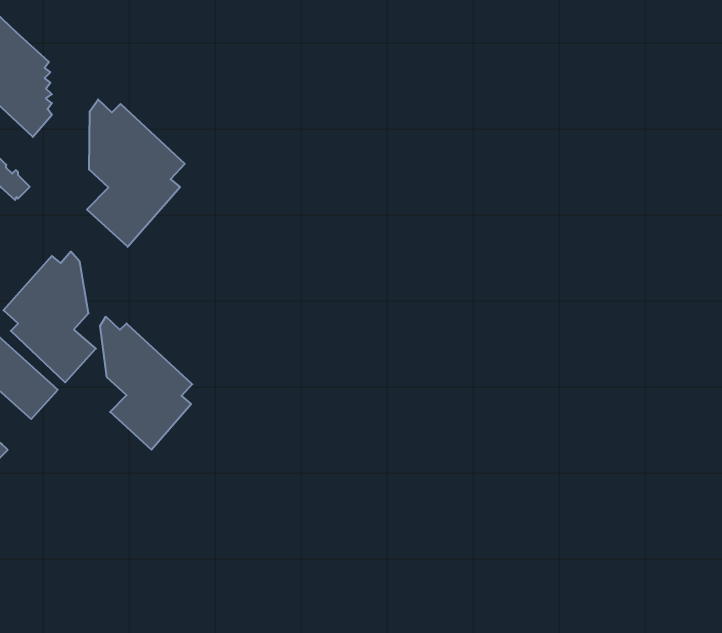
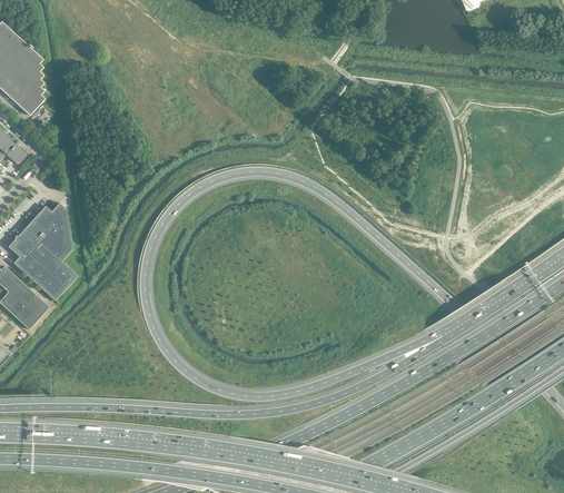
building: [87,99,185,247] -> none
building: [100,317,192,450] -> none

